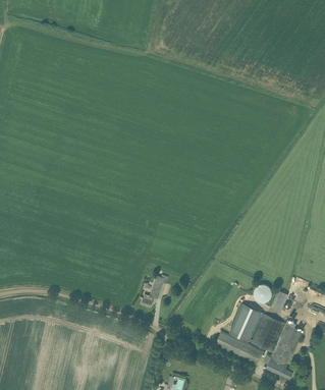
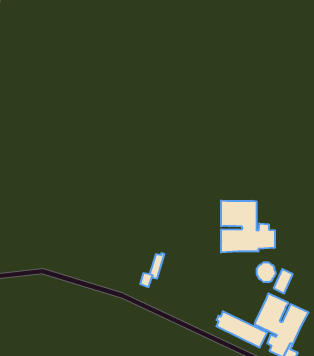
building: none -> [221,200,275,253]
building: [229,303,265,343] -> none

